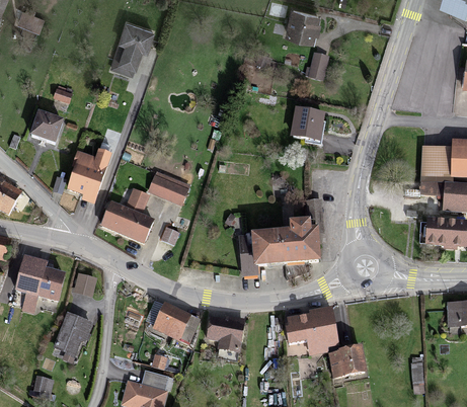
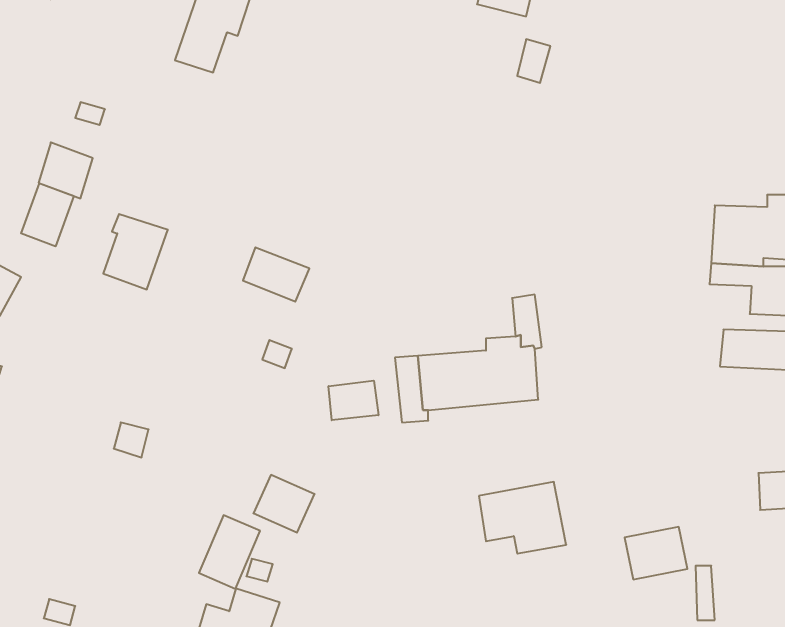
building: [292,108,324,142] -> none
building: none -> [21,183,74,246]
building: [102,189,154,242] -> none
building: none -> [329,381,378,420]
building: [15,258,63,311] -> none
building: [55,314,90,356] -> [199,515,260,589]
building: [209,317,244,353] -> none
building: [329,348,366,379] -> [625,527,687,579]

